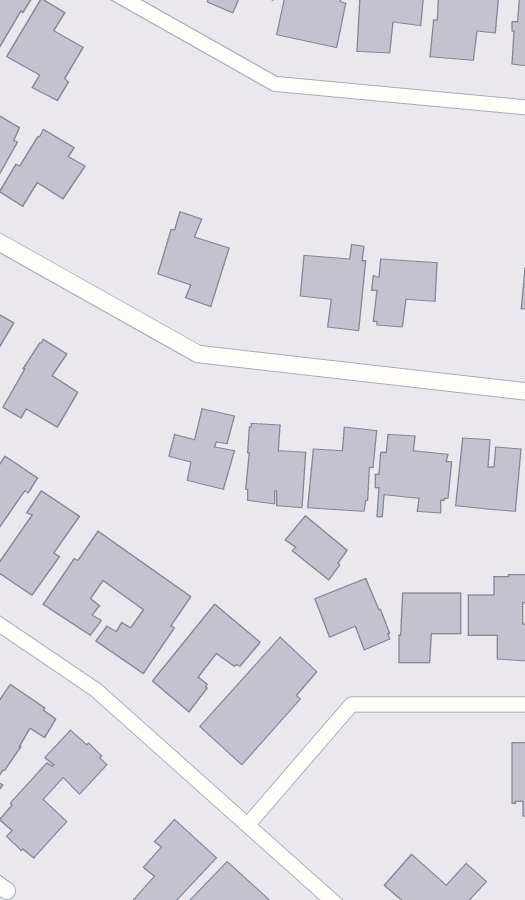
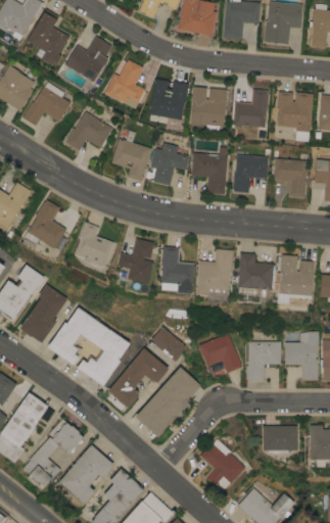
building: none -> [64,36,112,82]
building: none -> [106,59,145,108]
building: none -> [149,80,189,126]
building: none -> [190,86,227,132]
building: none -> [233,89,269,127]
building: none -> [277,91,313,141]
building: none -> [66,110,112,150]
building: none -> [146,142,189,185]
building: none -> [273,157,307,197]
building: none -> [75,222,113,270]
building: [285,516,347,580] -> [151,326,186,362]
building: none -> [263,425,297,453]
building: none -> [199,438,245,488]
building: none -> [58,444,114,504]

